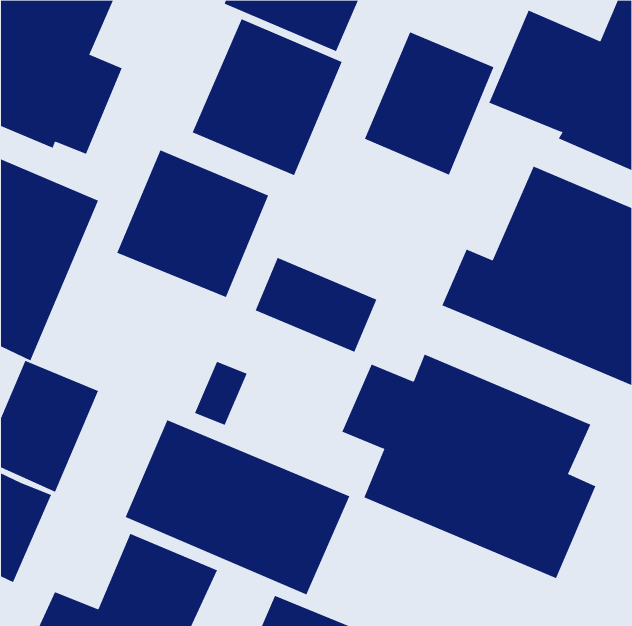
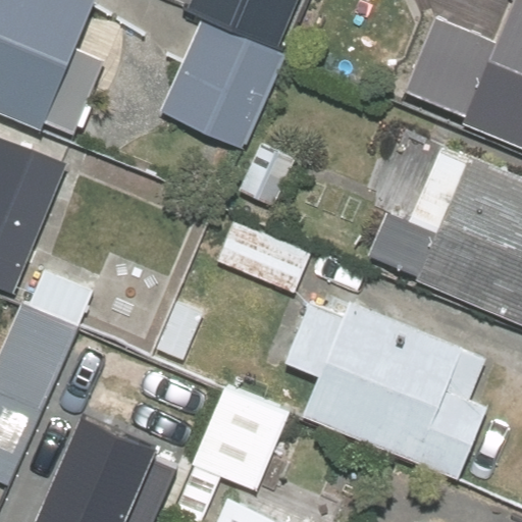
building: [364,31,494,176] -> none
building: [117,150,269,298] -> none

